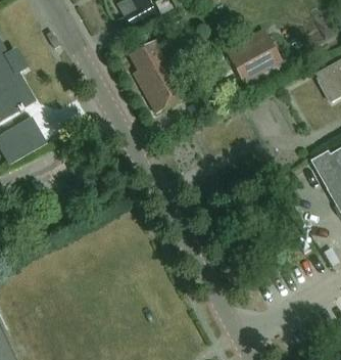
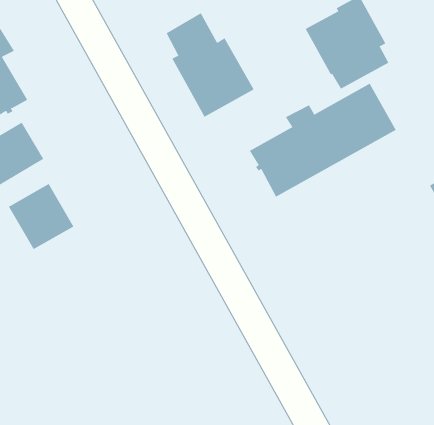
building: none -> [249,83,397,197]
building: none -> [8,183,74,250]

